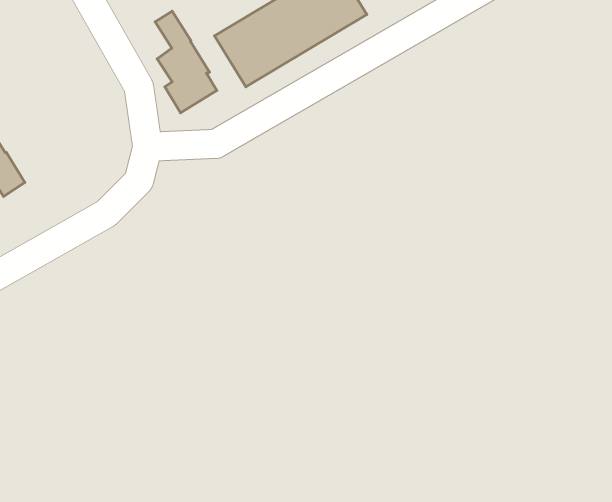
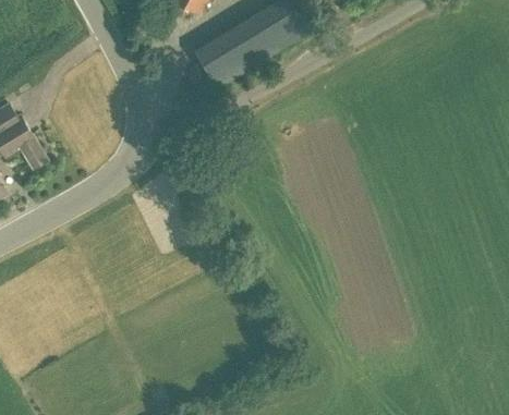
building: [155,11,217,113] -> none

